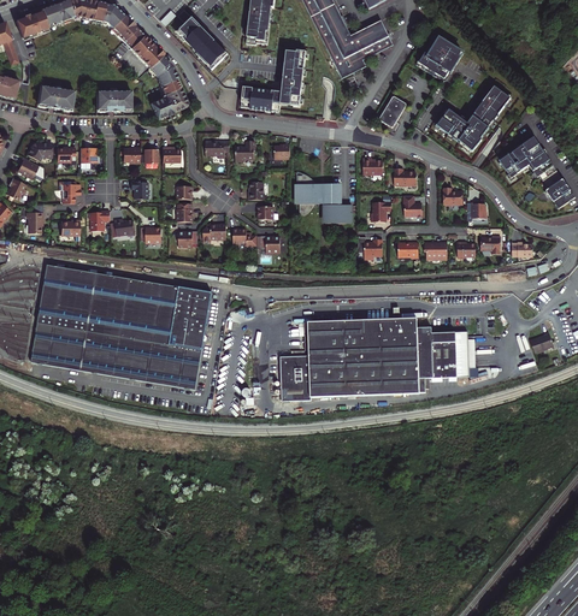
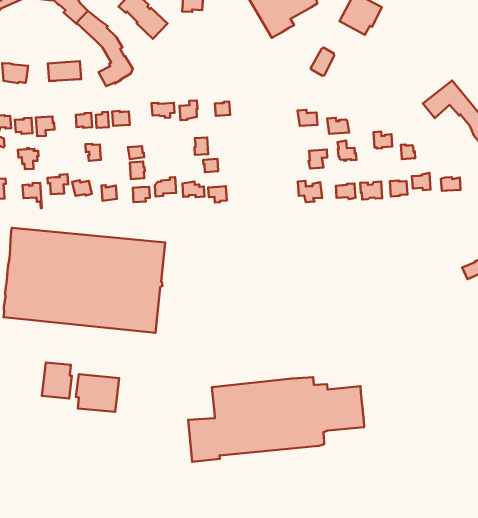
building: [240,51,305,112] -> none
building: [436,85,509,150] -> none
building: [295,173,352,224] -> none
building: [278,319,468,402] -> [188,377,364,462]
building: none -> [42,363,72,399]
building: none -> [76,374,119,412]

